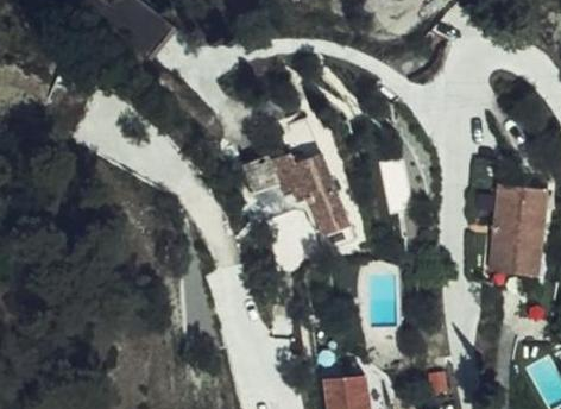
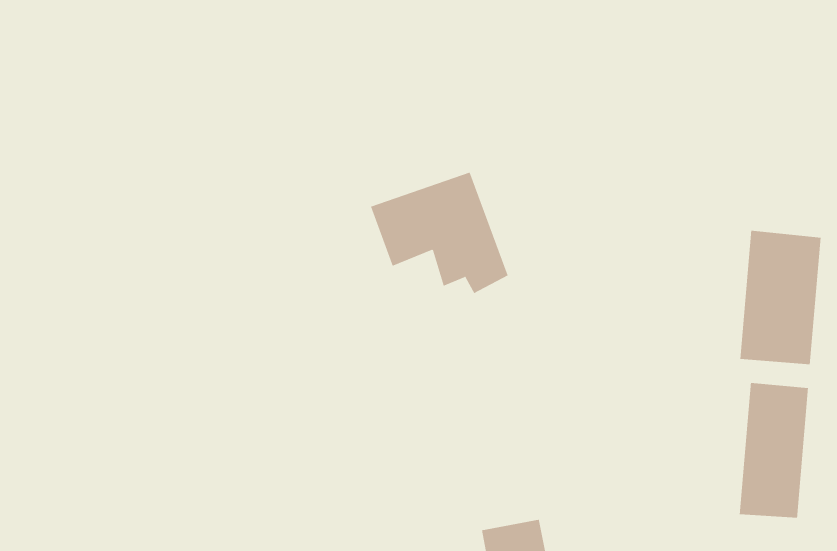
building: none -> [739,382,809,518]

